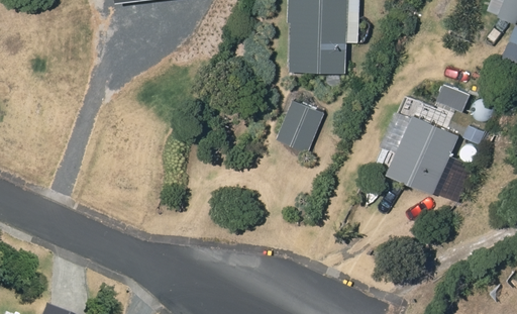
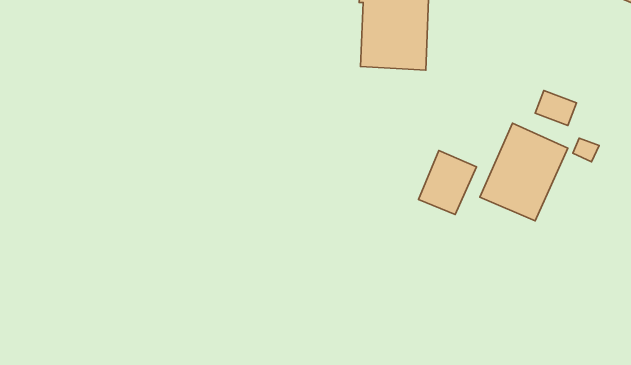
building: [277,100,323,151] -> [419,151,476,215]

